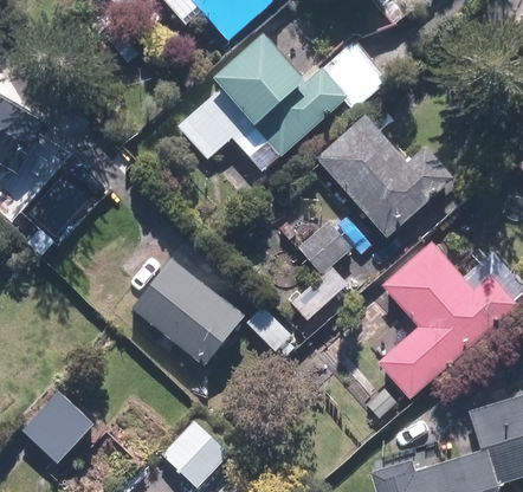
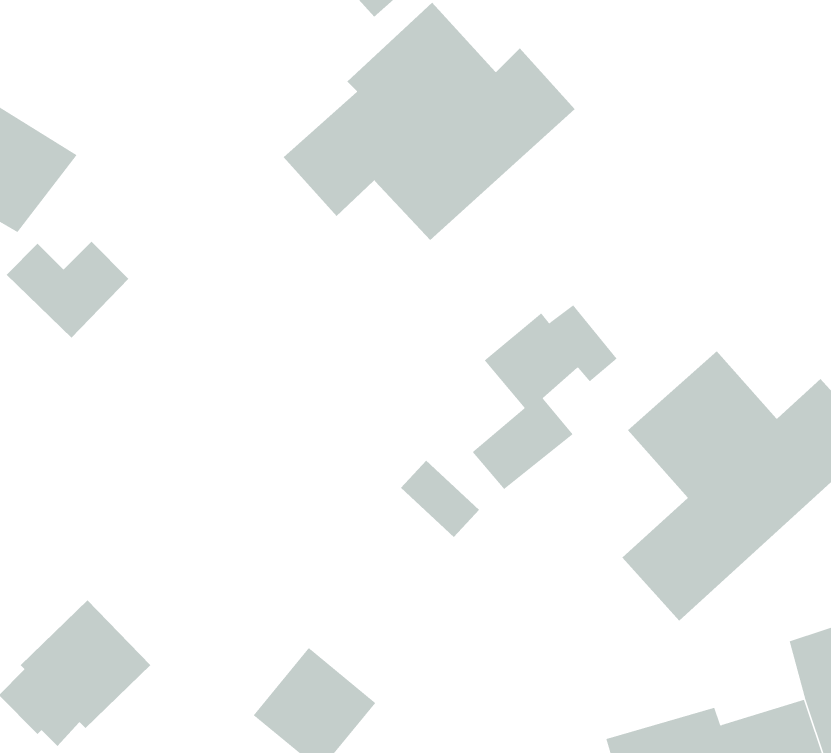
building: [316,112,463,240] -> none
building: [128,257,244,367] -> none

